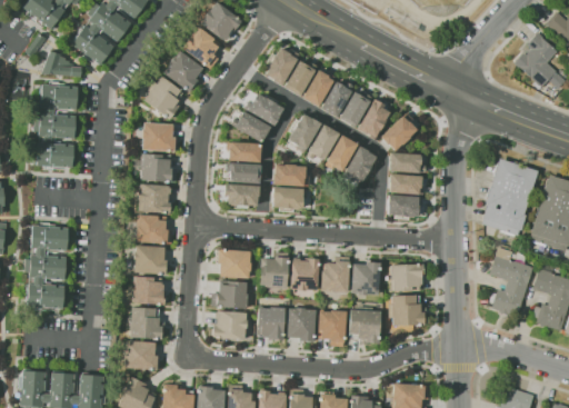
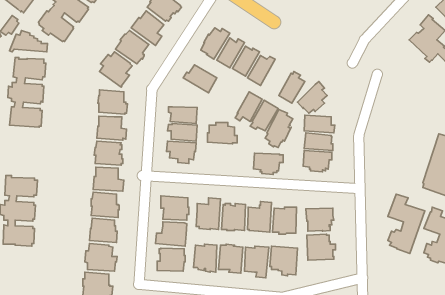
building: [339,92,371,127] -> none
building: [230,111,269,142] -> none
building: [288,113,320,152] -> none
building: [481,158,538,235] -> none
building: [271,187,307,212] -> [254,153,283,175]

